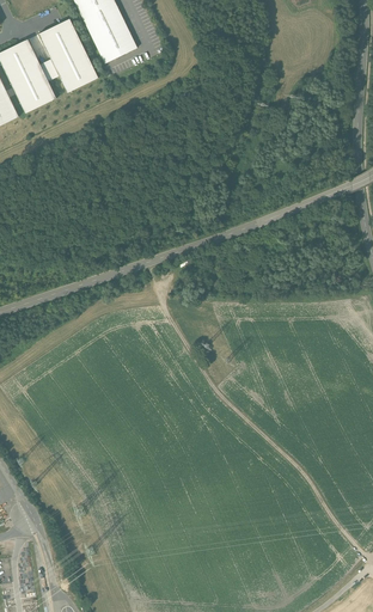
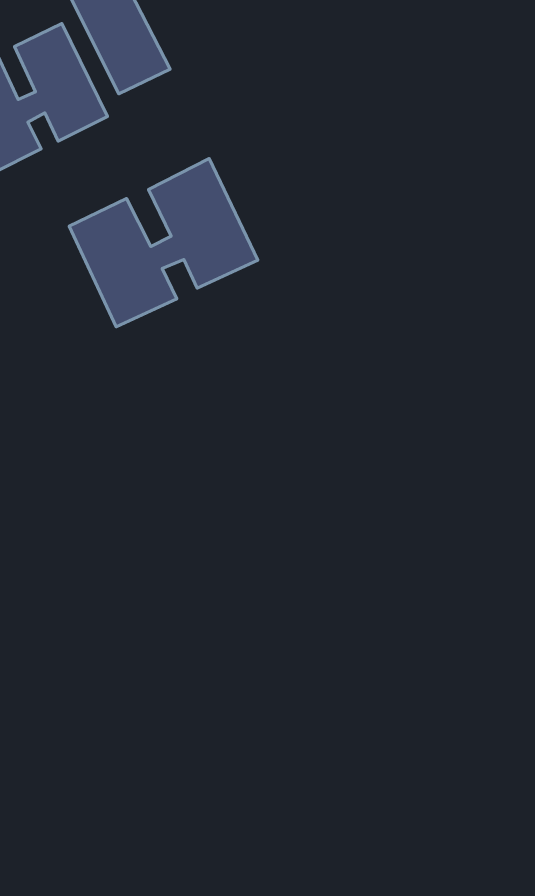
building: none -> [69,158,258,327]

